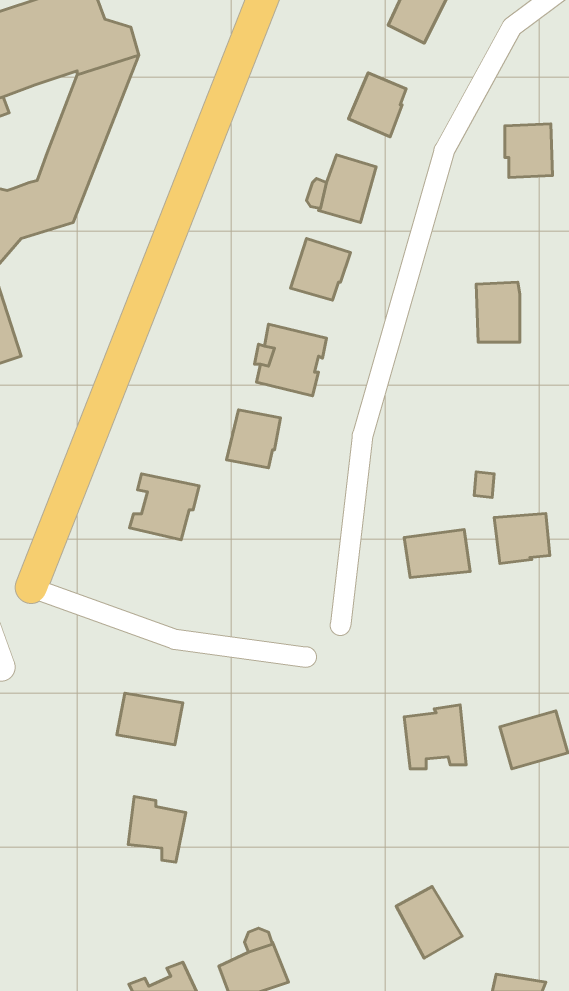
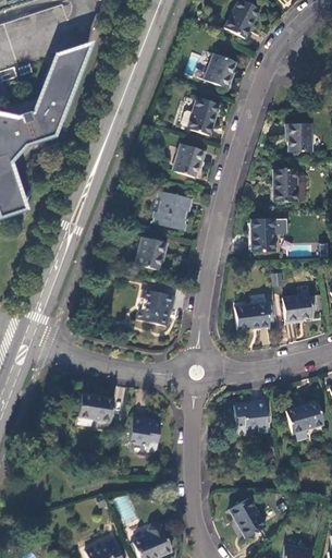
building: [505,124,553,178] -> [287,122,313,151]
building: none -> [253,217,276,251]
building: [129,474,199,540] -> [138,289,176,325]
building: [128,796,186,862] -> [130,415,161,451]

